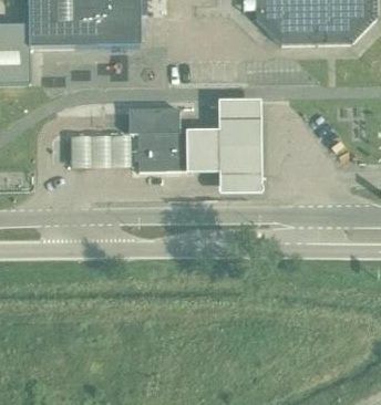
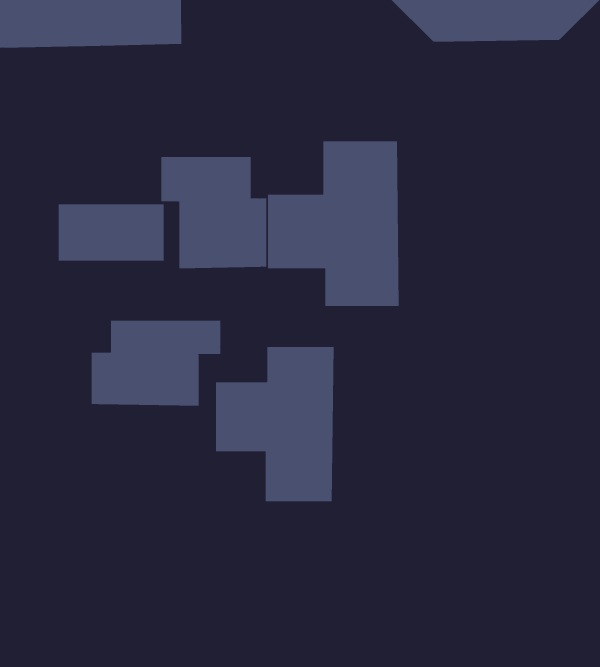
building: none -> [91,320,221,406]
building: none -> [215,346,334,502]

